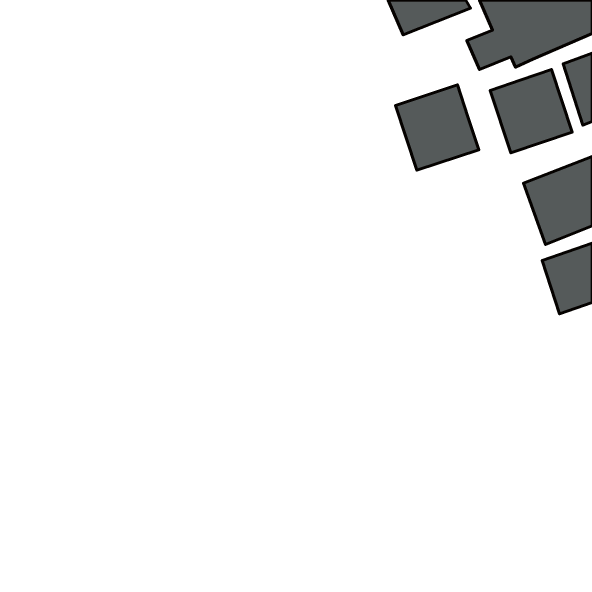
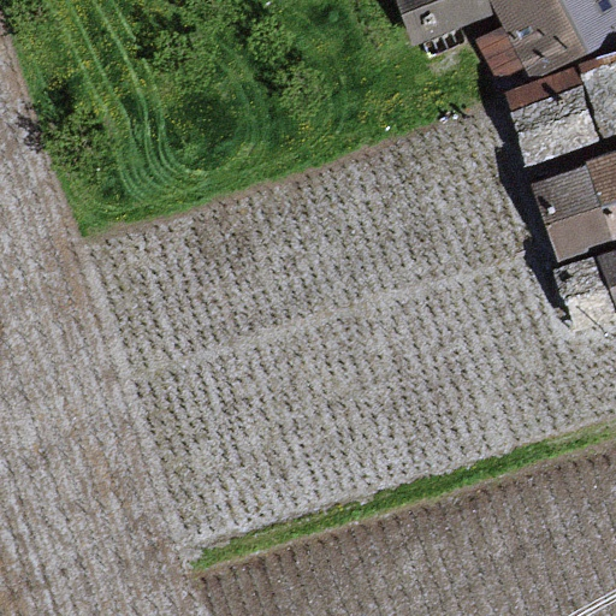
building: [396,85,479,170] -> none

